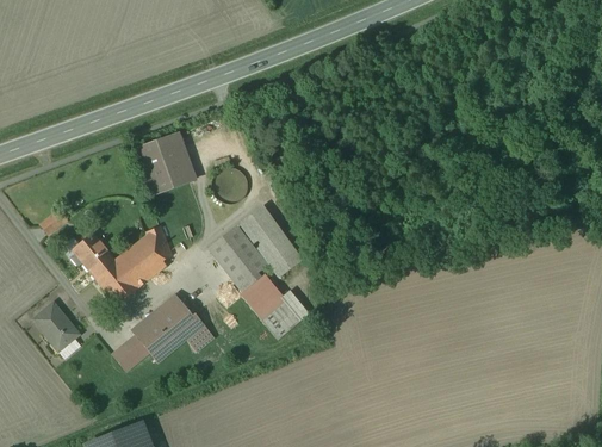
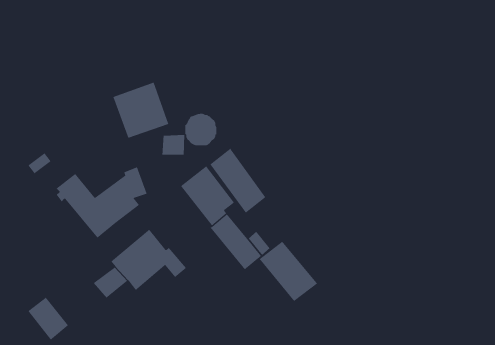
building: none -> [162,134,185,156]
building: [33,303,79,350] -> [28,297,69,340]
building: none -> [259,241,319,302]

